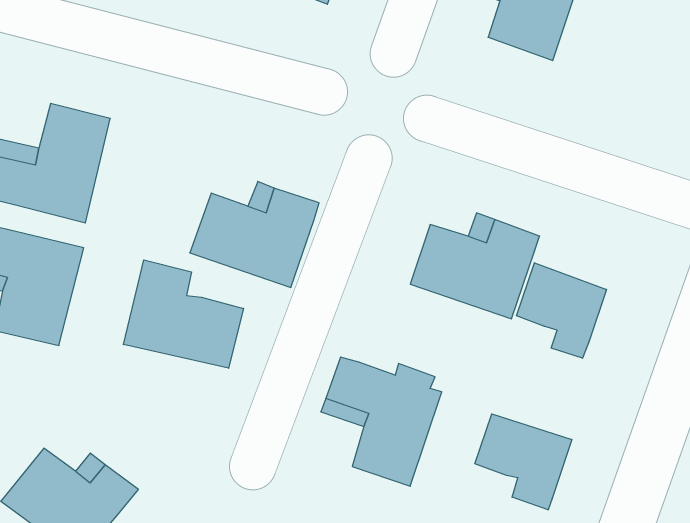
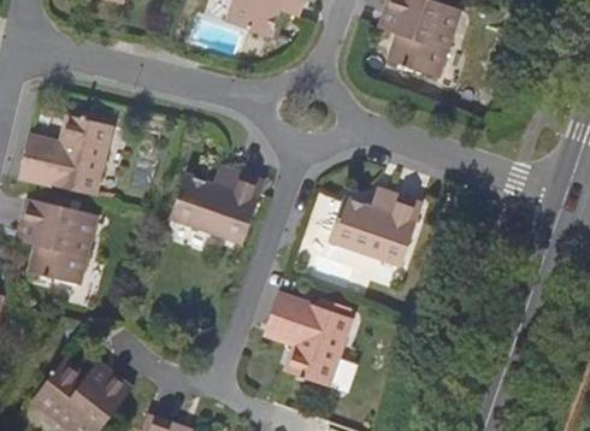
building: [123,260,244,368] -> none
building: [516,263,606,358] -> none
building: [475,414,572,510] -> none

